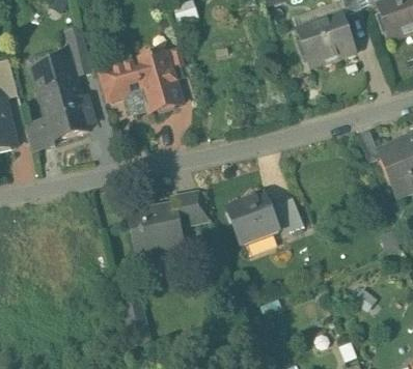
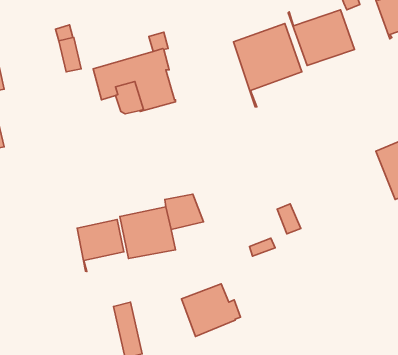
building: none -> [233,23,302,107]
building: [25,59,92,149] -> none
building: [225,192,282,243] -> [182,284,241,336]
building: none -> [77,219,124,272]

